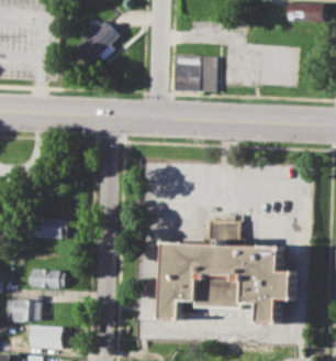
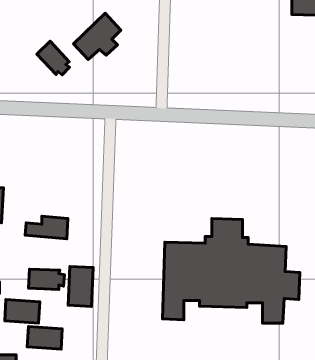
building: none -> [37,41,69,75]
building: [172,55,213,90] -> none
building: none -> [68,266,93,307]

